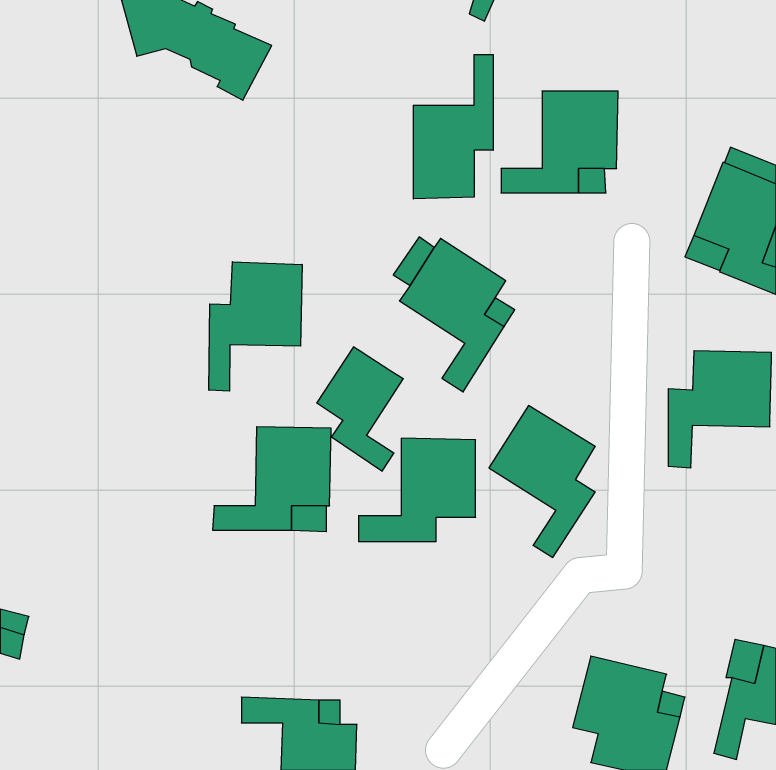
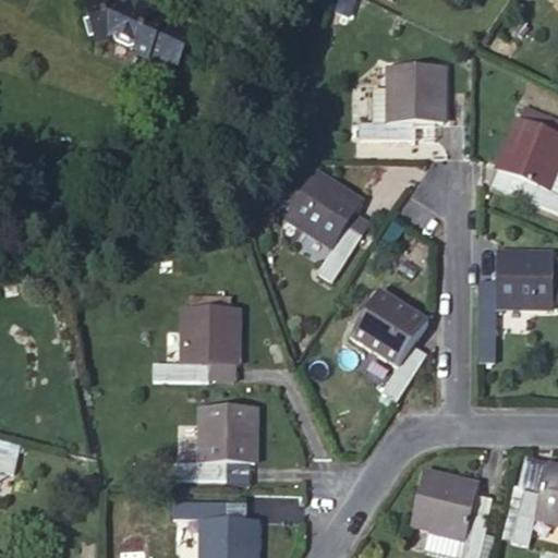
building: [413,55,493,199] -> none
building: [209,262,302,391] -> none
building: [317,347,403,471] -> none
building: [359,438,476,542] -> [171,405,255,480]

